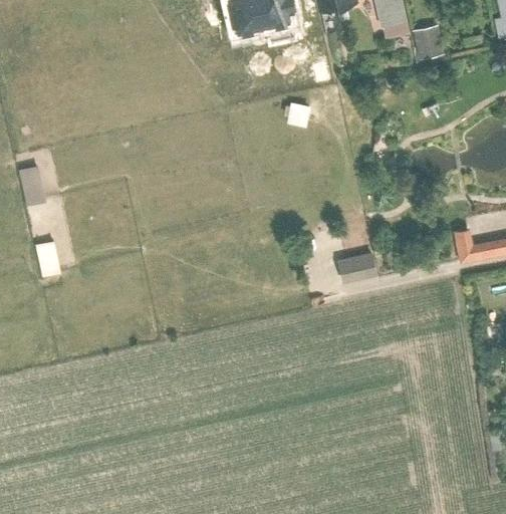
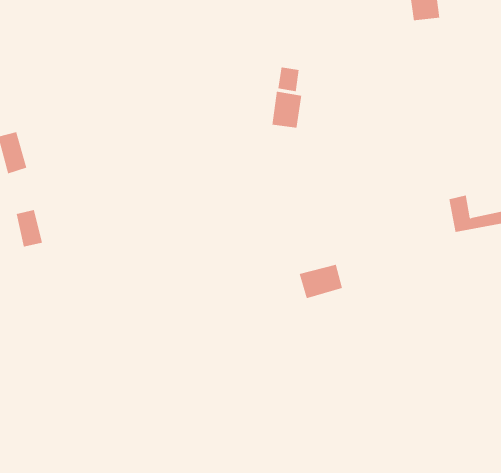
building: none -> [272,91,302,128]
building: [334,251,376,284] -> [299,264,343,299]

